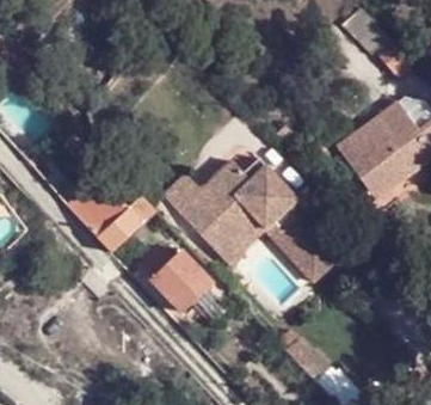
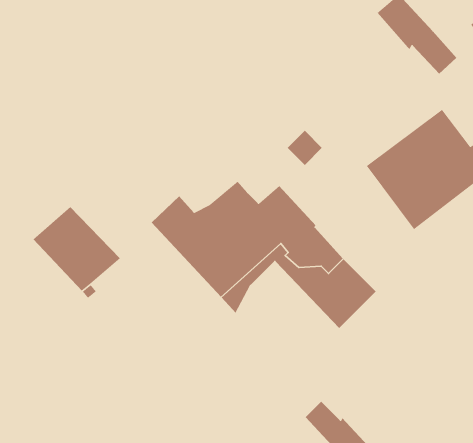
building: [144,244,208,311] -> none

